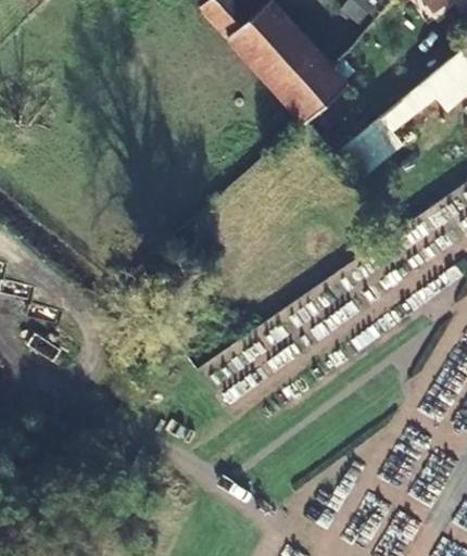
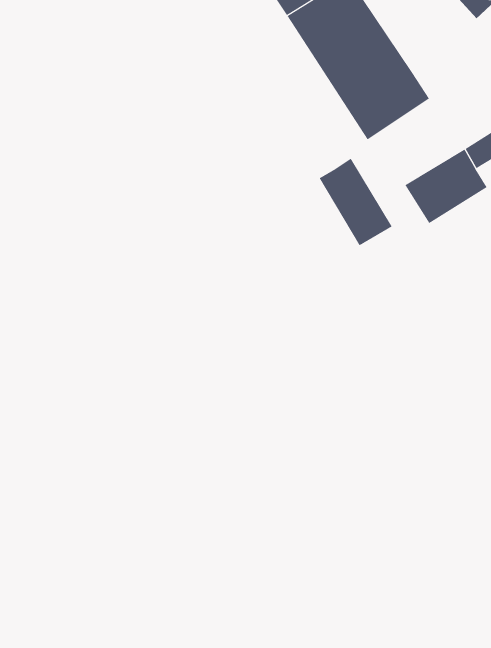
building: none -> [319,158,393,246]

